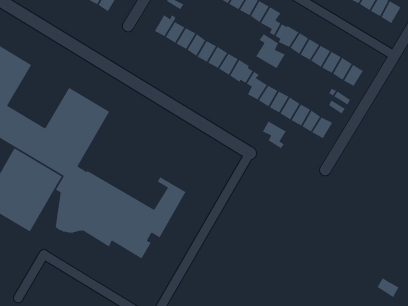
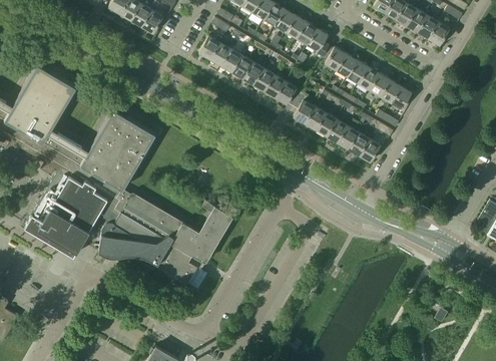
building: [255,33,286,69] -> none
building: [262,120,287,149] -> none

